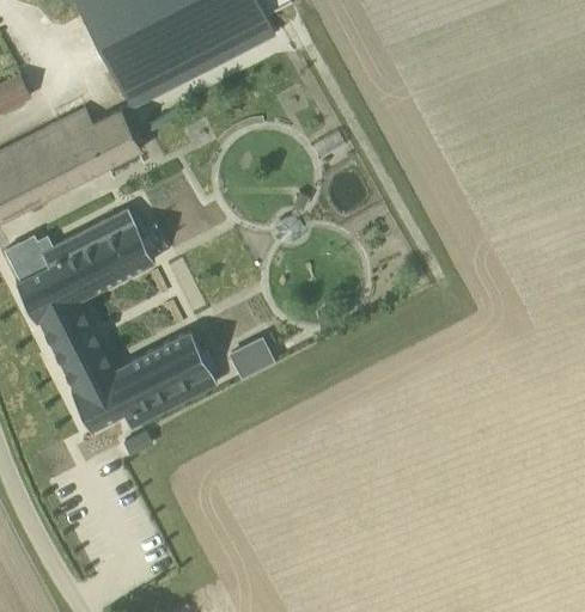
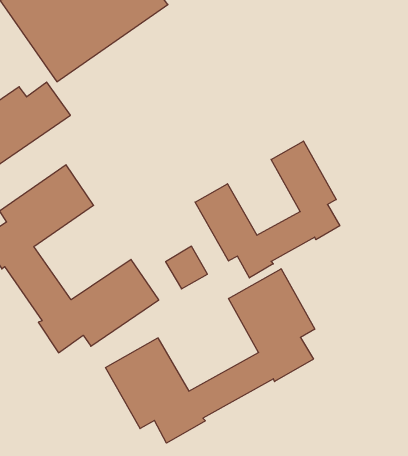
building: none -> [195,141,340,278]
building: none -> [106,269,315,443]

